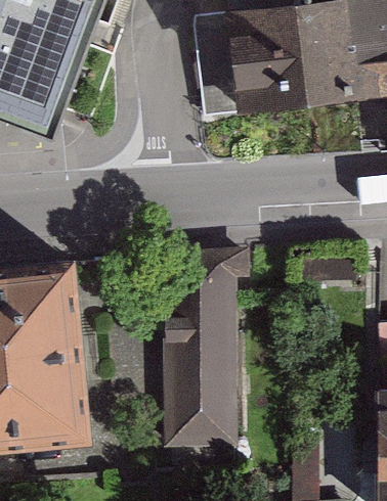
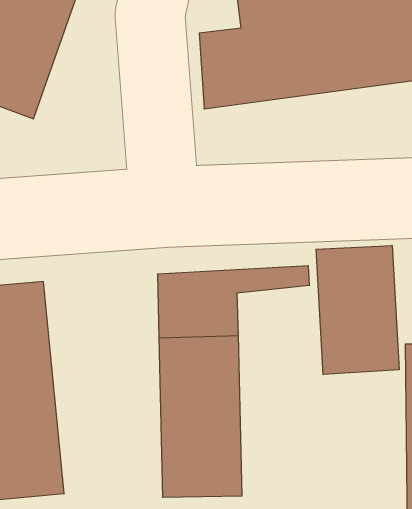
building: none -> [316,245,399,375]

